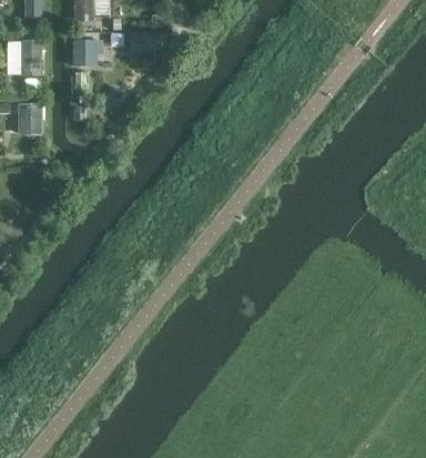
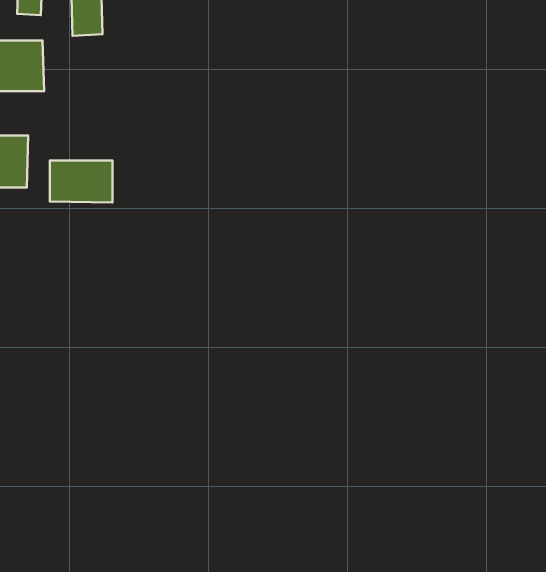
building: [72,38,101,67] -> none
building: none -> [50,160,113,203]

